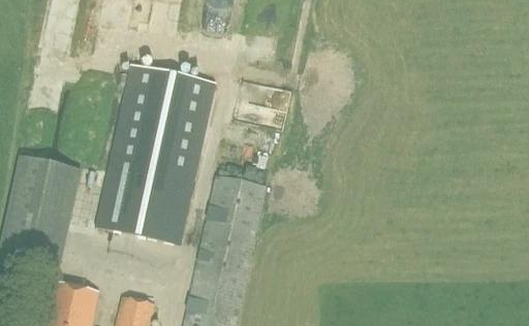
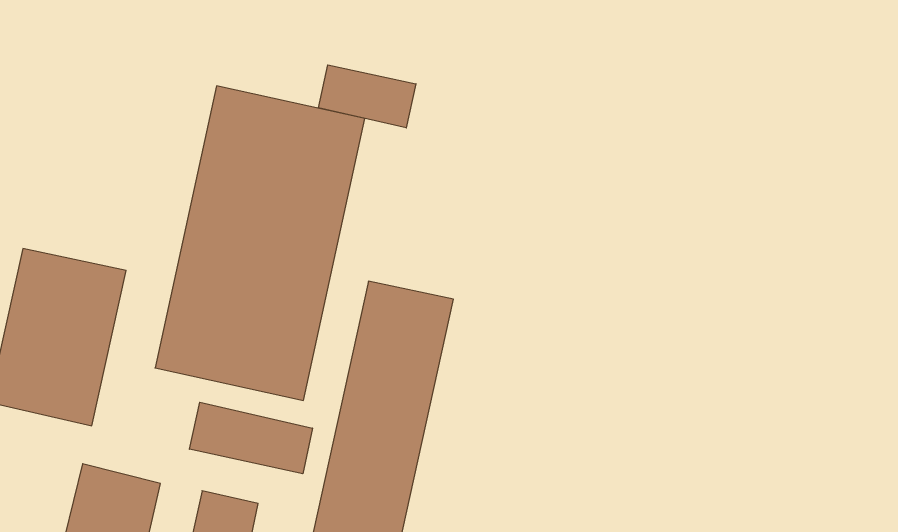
building: none -> [319,65,416,128]
building: none -> [189,402,312,474]

